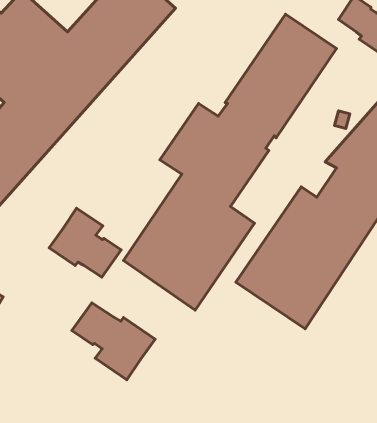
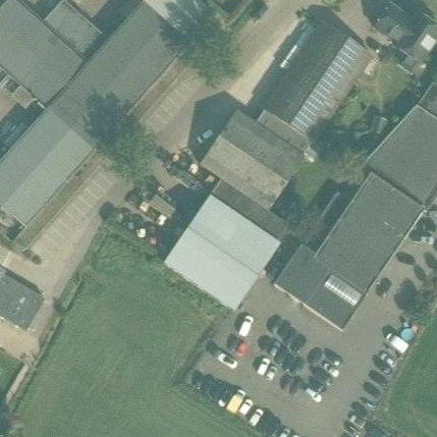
building: [49,208,121,277] -> none
building: [72,303,155,380] -> none

